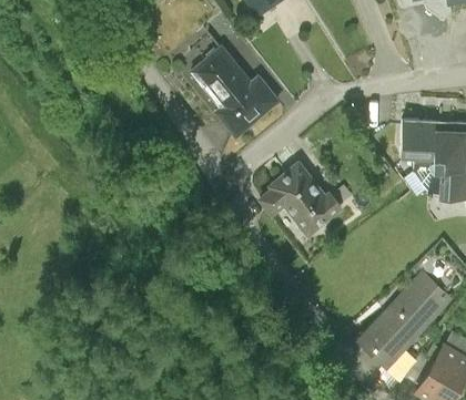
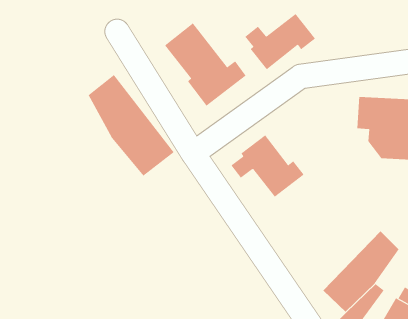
building: none -> [244,13,316,70]
building: none -> [88,74,174,176]

